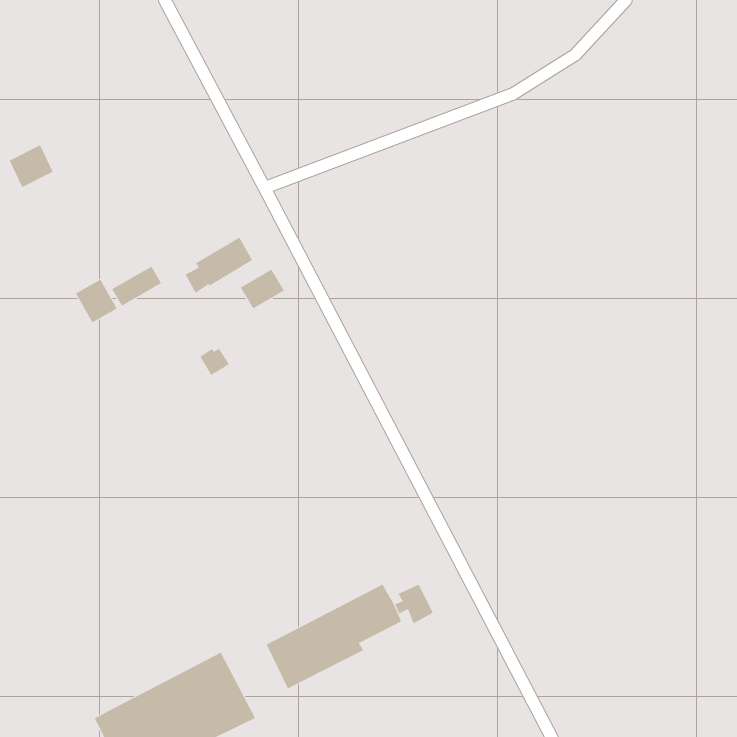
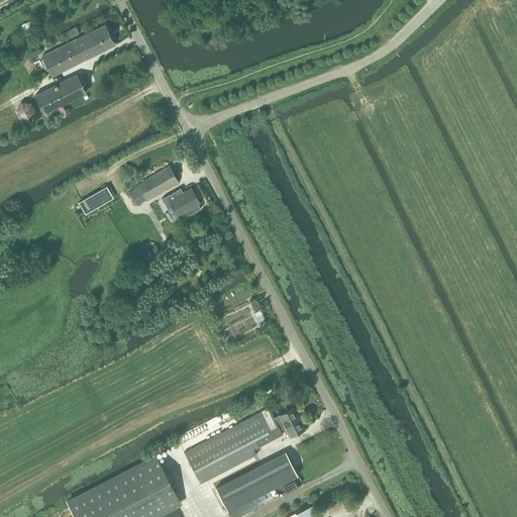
building: none -> [41,25,113,77]
building: none -> [34,76,84,113]
building: [75,279,117,323] -> none
building: none -> [214,452,296,512]

